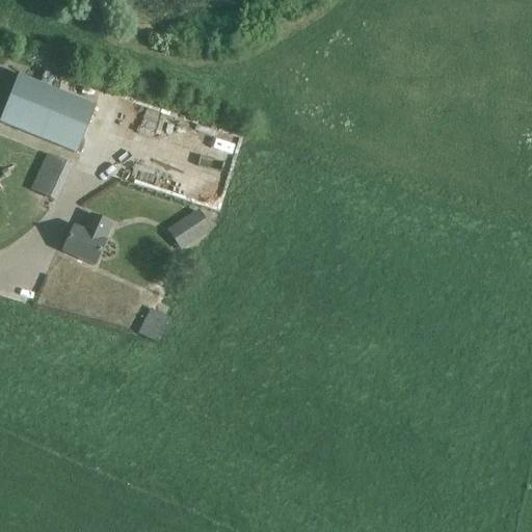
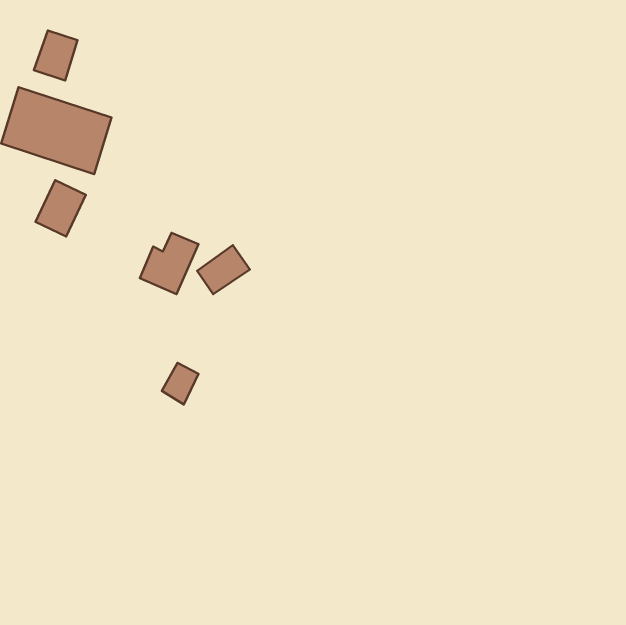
building: none -> [34,31,77,80]
building: [62,213,112,265] -> [140,233,199,294]

